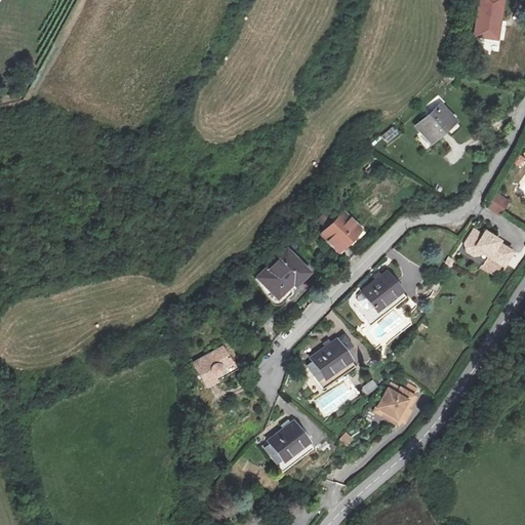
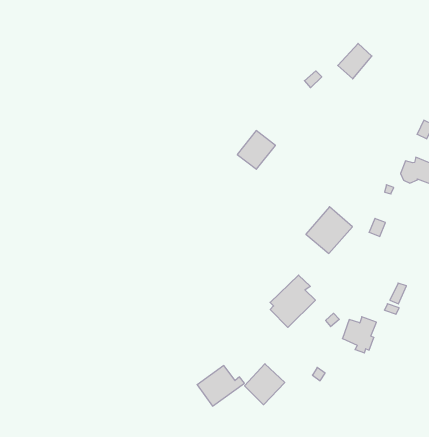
building: [322,212,363,252] -> [237,131,275,169]
building: [258,250,309,296] -> none
building: [193,346,242,386] -> [197,366,244,406]

